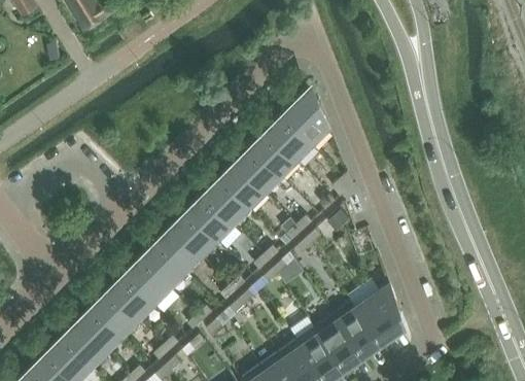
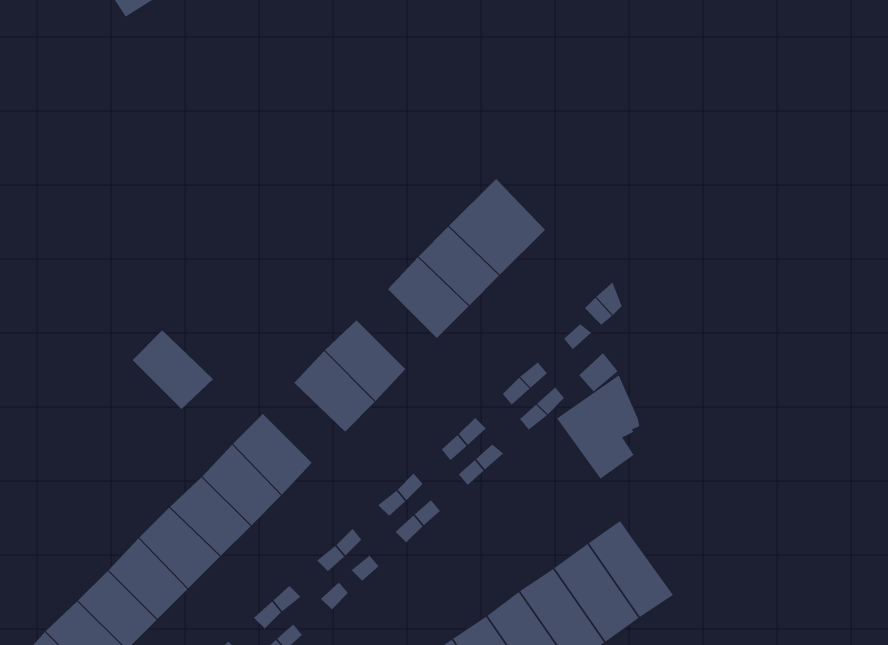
building: [282,101,327,146] -> none
building: [207,178,250,221] -> none
building: [156,229,201,272] -> [132,330,214,410]
building: [354,286,399,343] -> [556,374,640,480]

